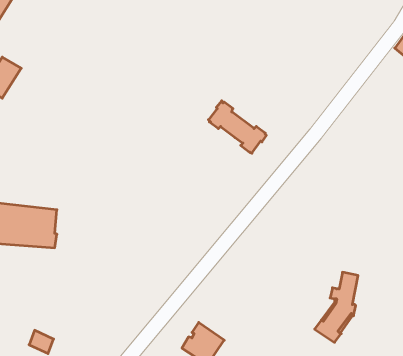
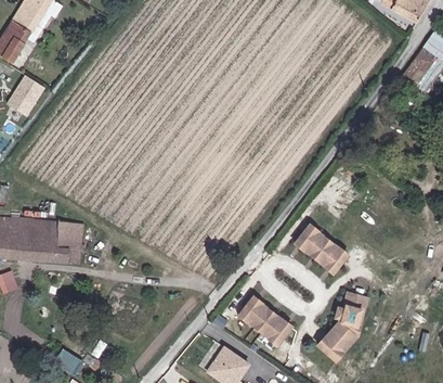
building: [208,101,266,153] -> [288,215,344,266]
building: none -> [232,290,288,340]

